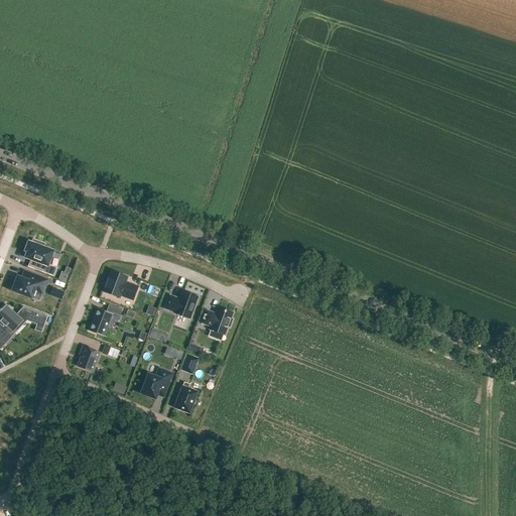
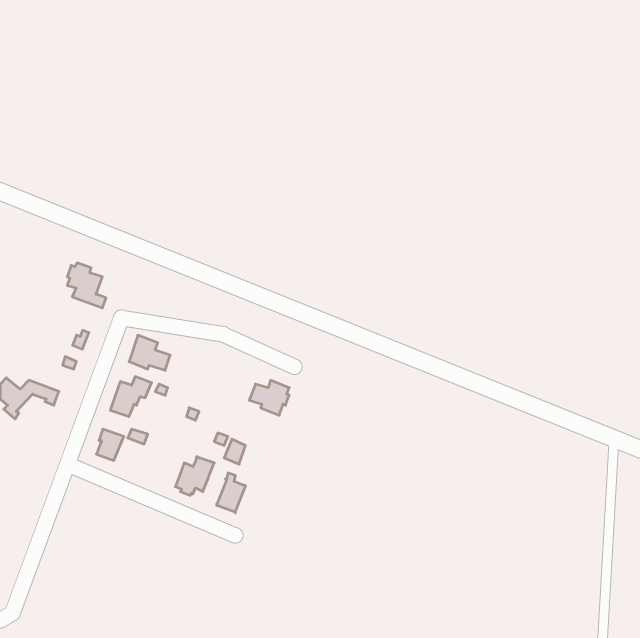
building: [25,239,56,275] -> [67,263,106,308]
building: [12,273,47,297] -> none
building: [165,291,198,317] -> none

